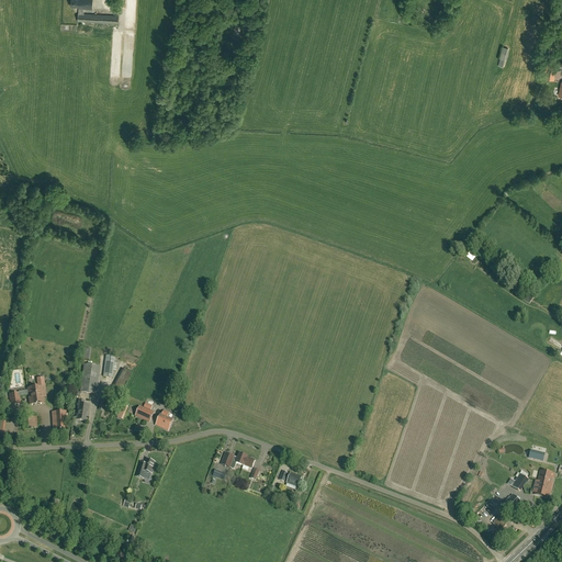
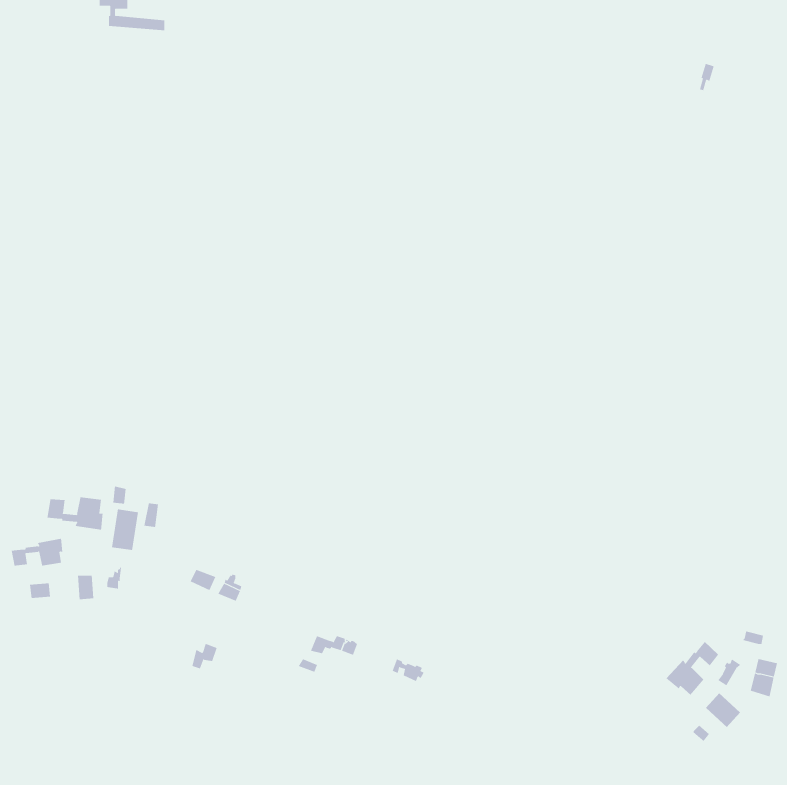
building: none -> [47,497,103,531]
building: none -> [665,641,719,695]

